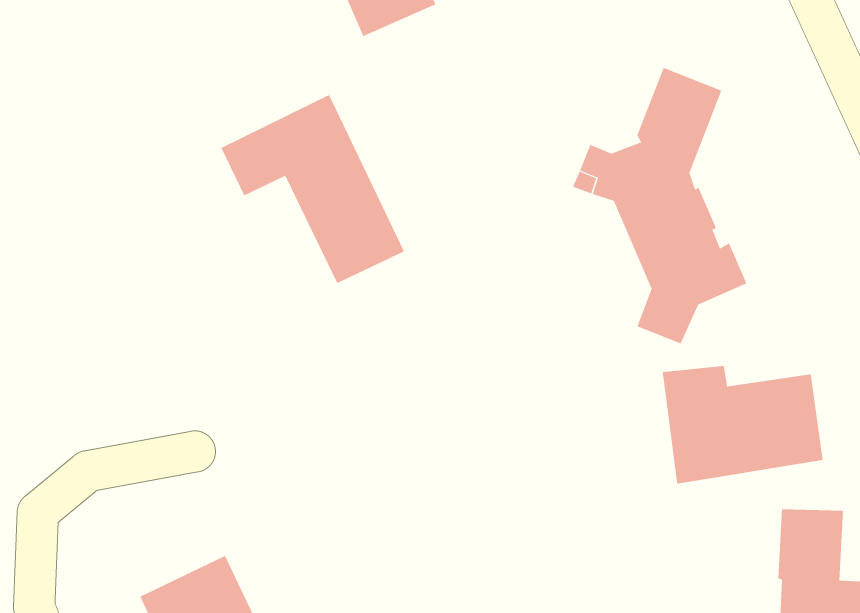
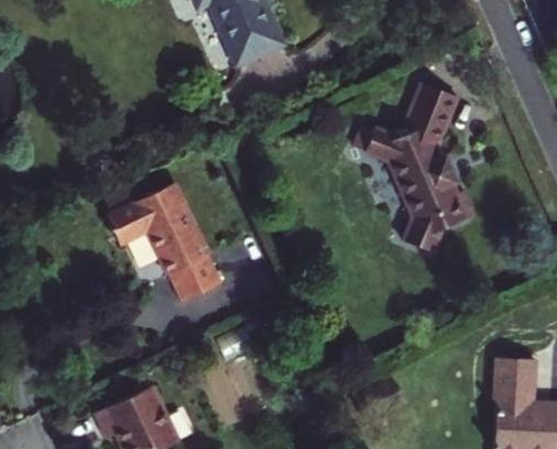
building: [221,94,405,284] -> [105,182,220,299]
building: [662,365,823,485] -> none

